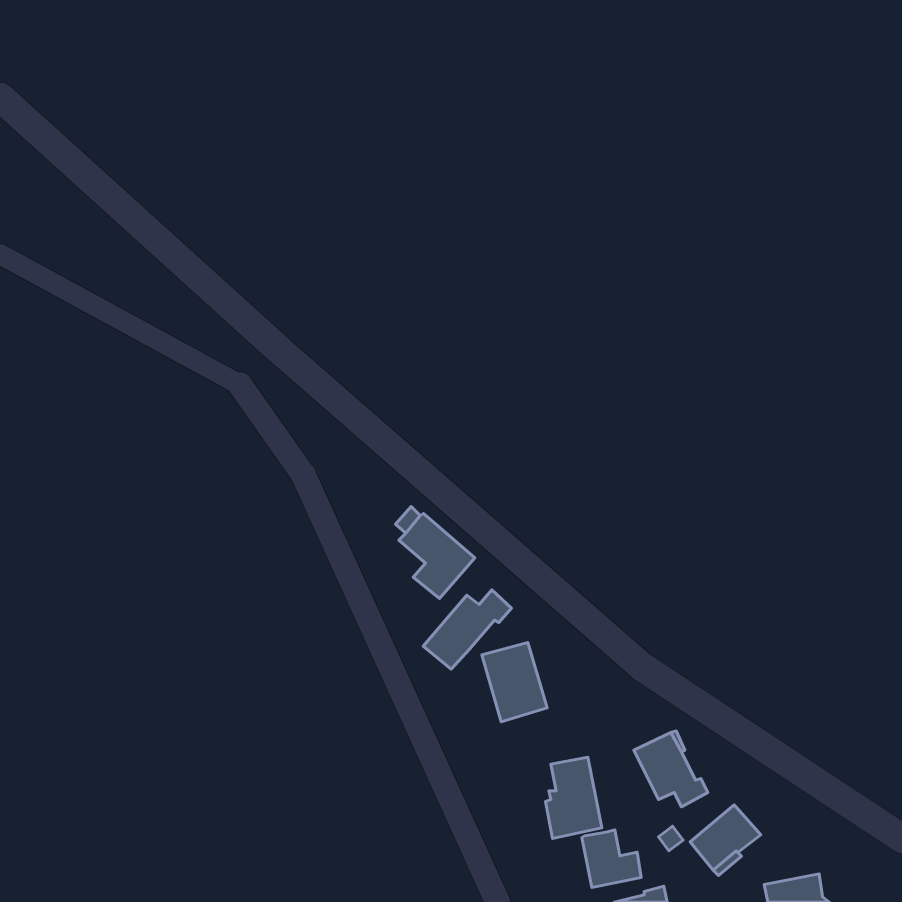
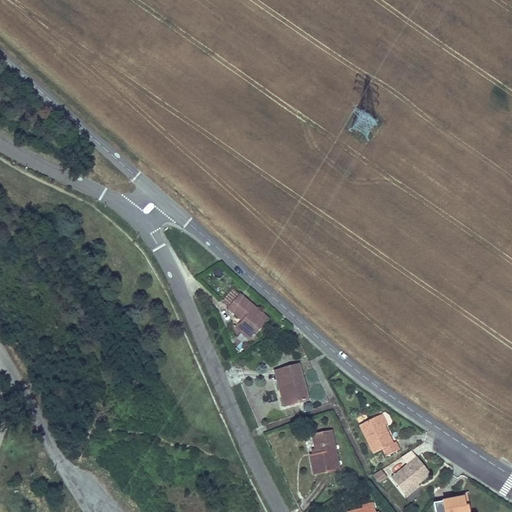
building: [423,590,511,669] -> none
building: [582,830,641,887] -> none

